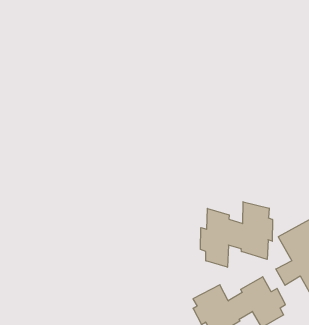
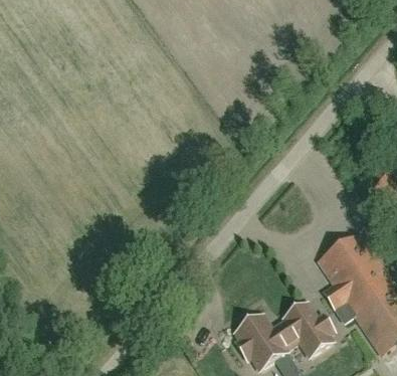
building: [201,202,272,267] -> none

